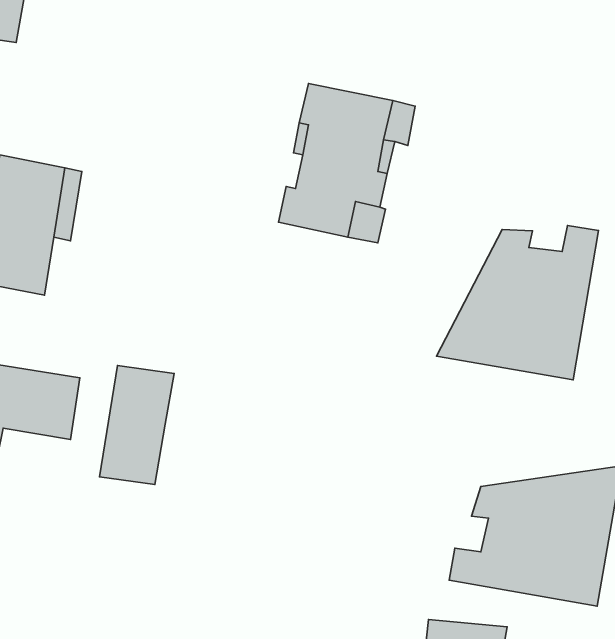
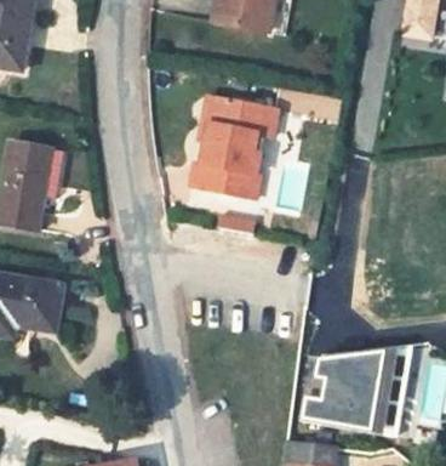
building: [436,225,598,380] -> none
building: [100,366,174,484] -> none

